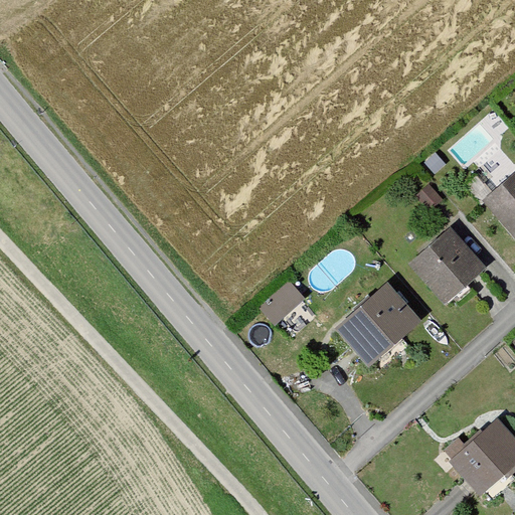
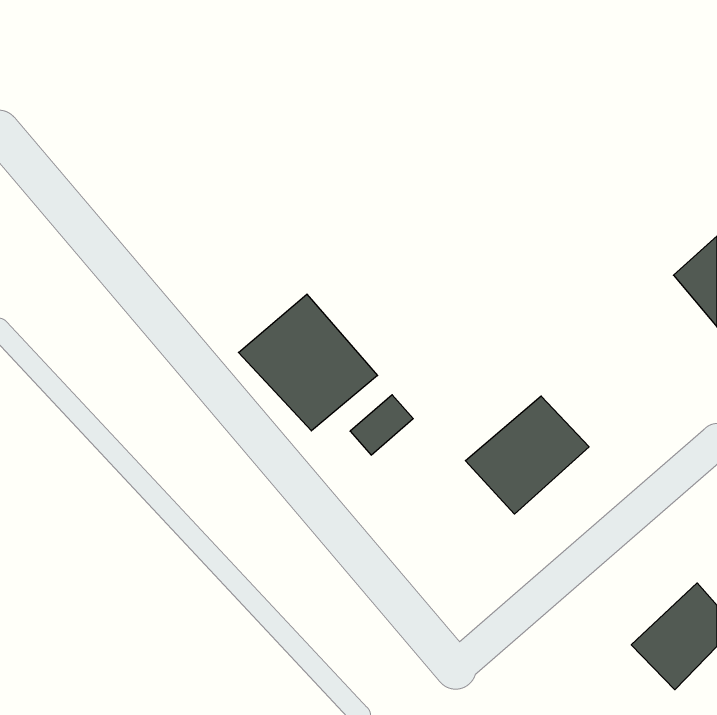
building: none -> [238,294,378,431]
building: [411,224,489,303] -> none

